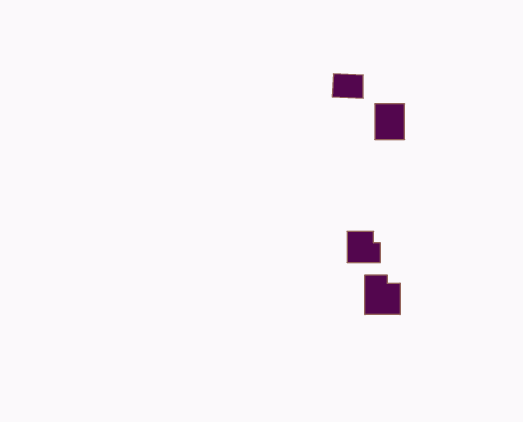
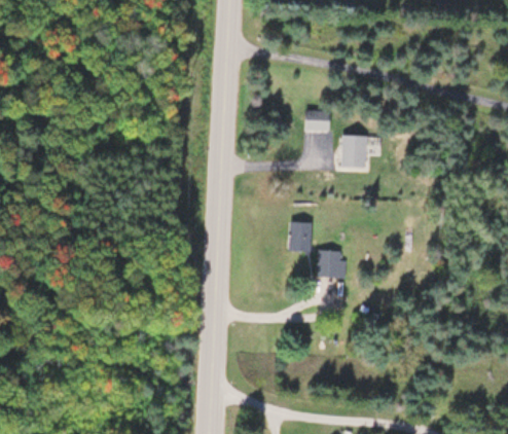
building: none -> [290,221,312,252]
building: [365,275,400,315] -> none

